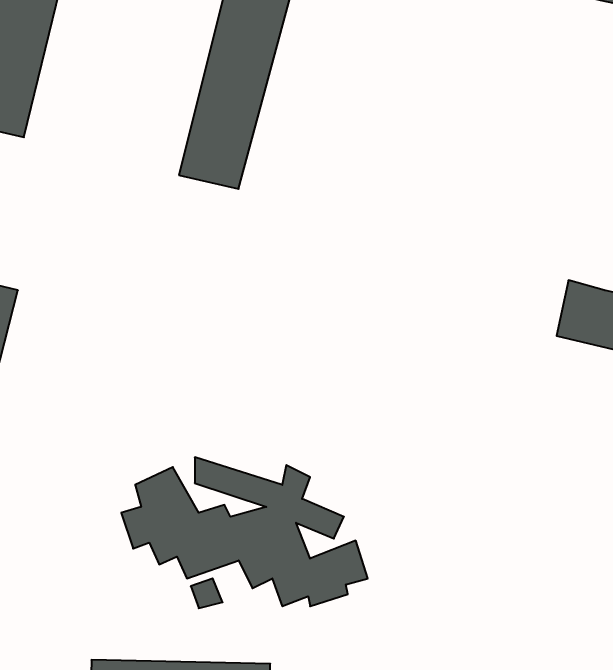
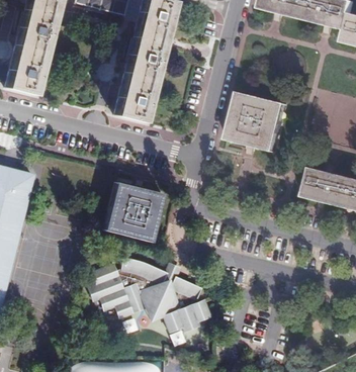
building: none -> [227,92,286,153]
building: none -> [104,178,162,237]

